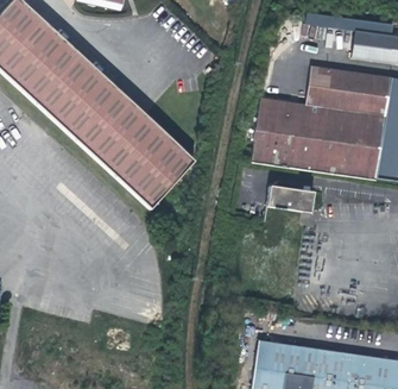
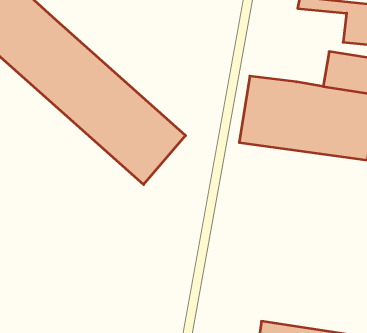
building: [304,64,337,103] -> none
building: [267,183,314,213] -> none

